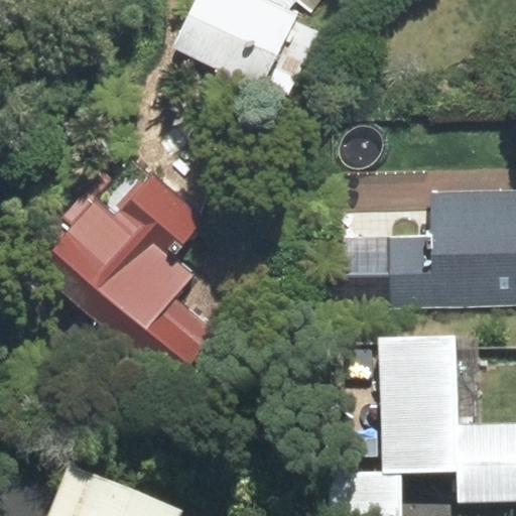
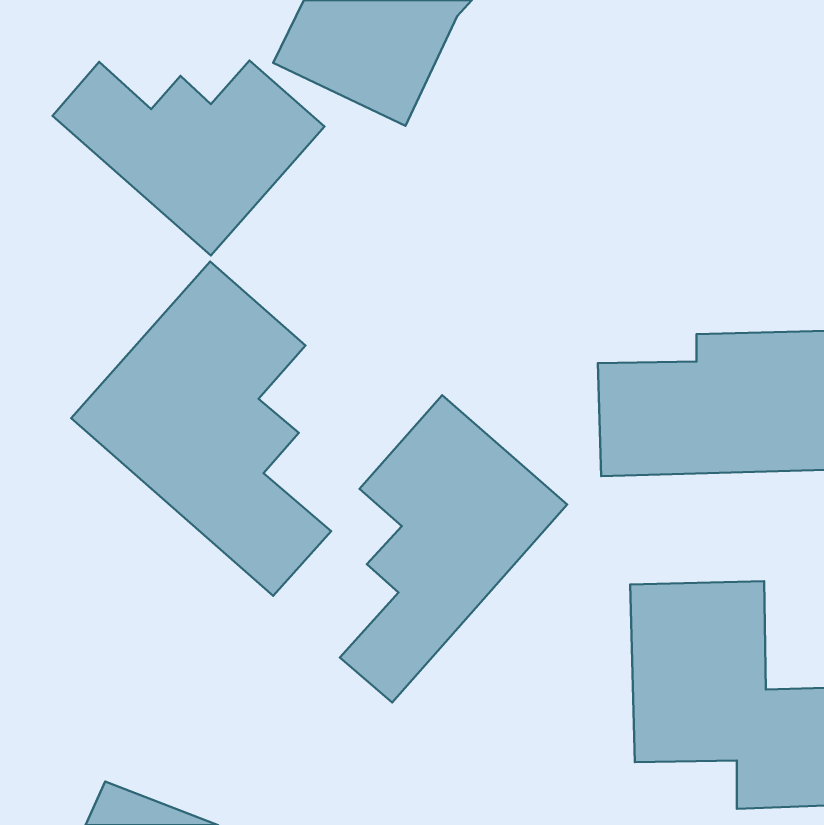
building: none -> [53,60,324,256]
building: none -> [340,395,567,702]

